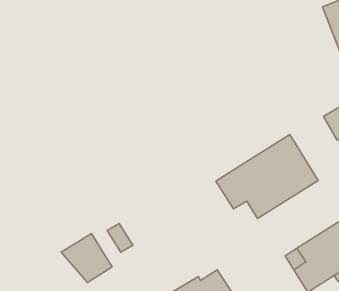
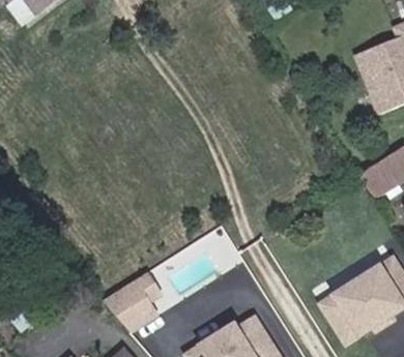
building: [216,134,318,218] -> none

